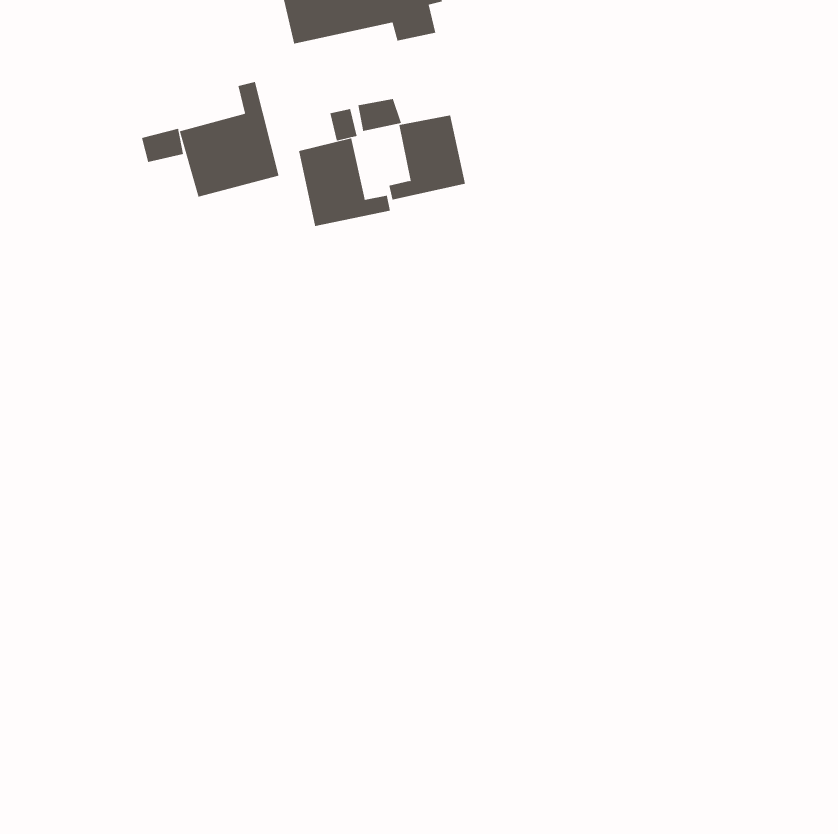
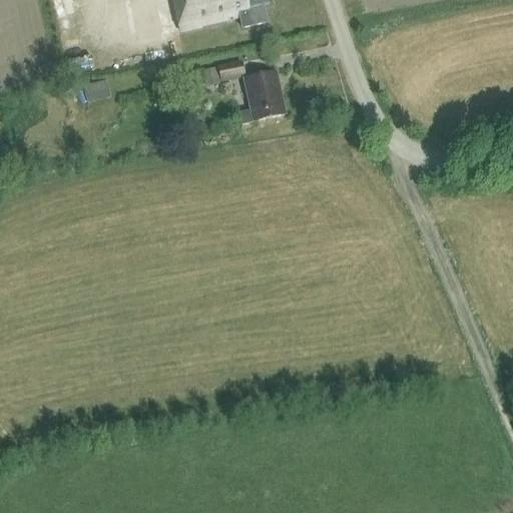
building: [179,81,279,197] -> none
building: [298,138,390,227] -> none

